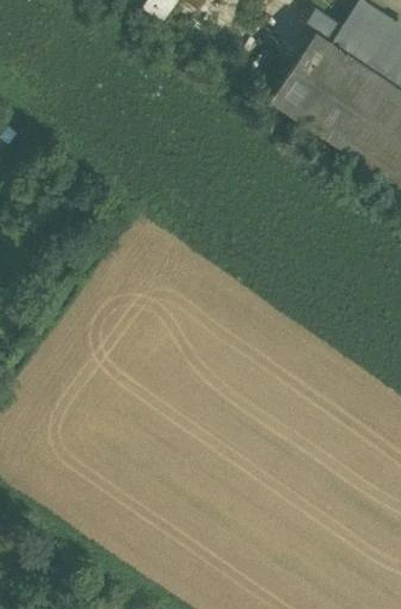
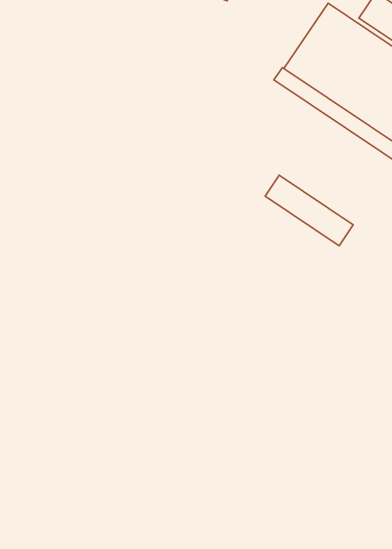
building: none -> [265,175,353,246]

